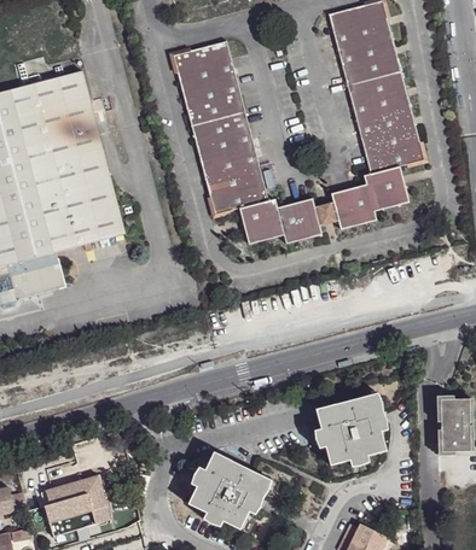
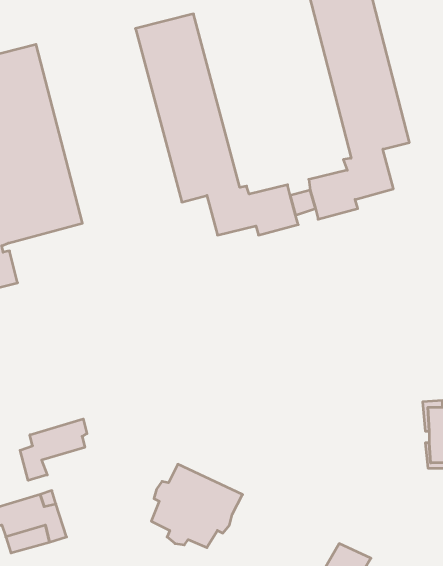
building: [314,394,387,467] -> none
building: none -> [20,419,87,480]

